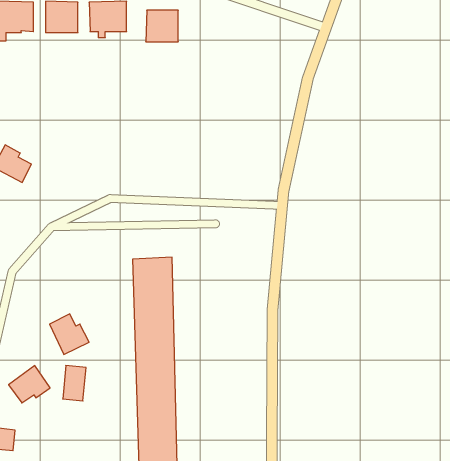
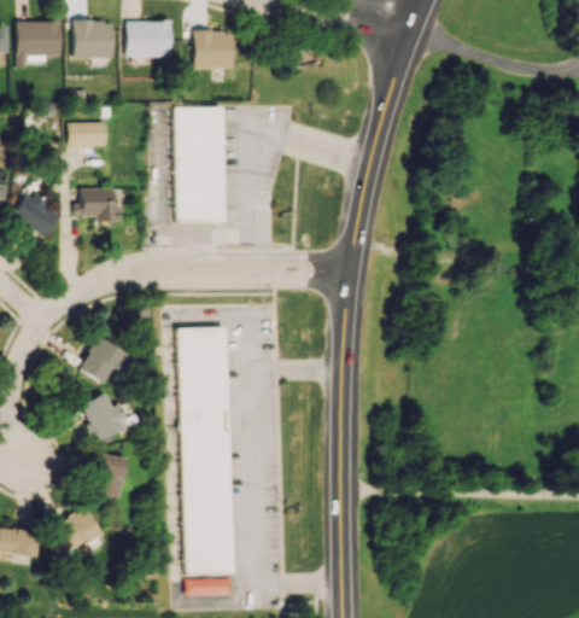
building: none -> [175,104,223,223]
building: none -> [69,122,106,146]
building: none -> [81,188,121,222]
building: none -> [78,337,125,384]
building: [9,366,50,403] -> [52,507,101,552]

